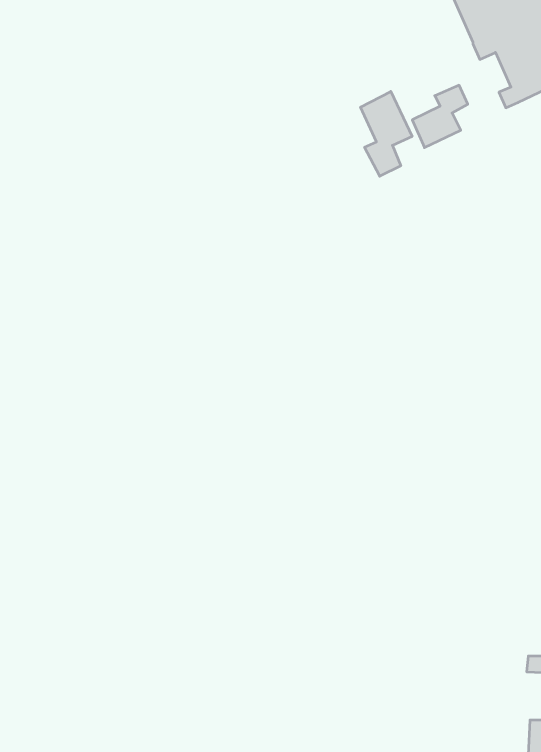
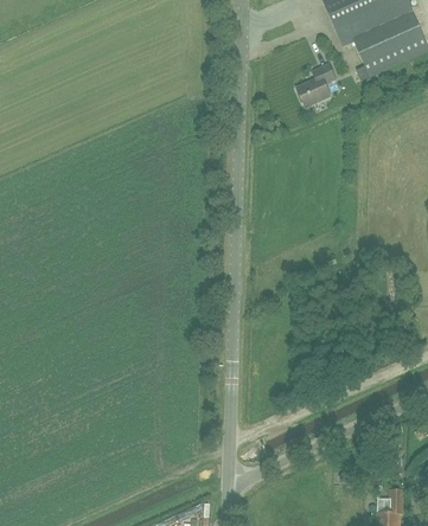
building: [361,91,412,176] -> none

